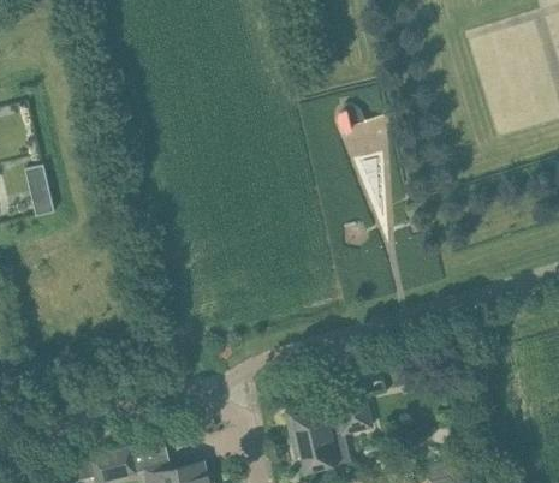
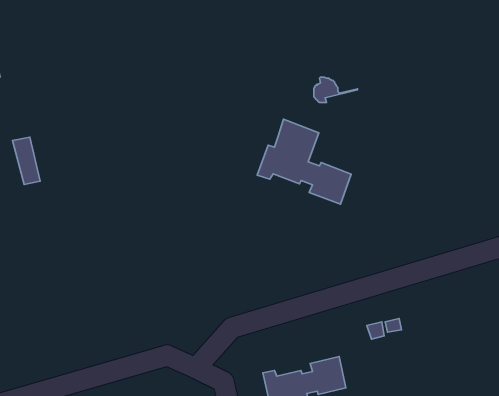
building: none -> [257,119,351,204]

